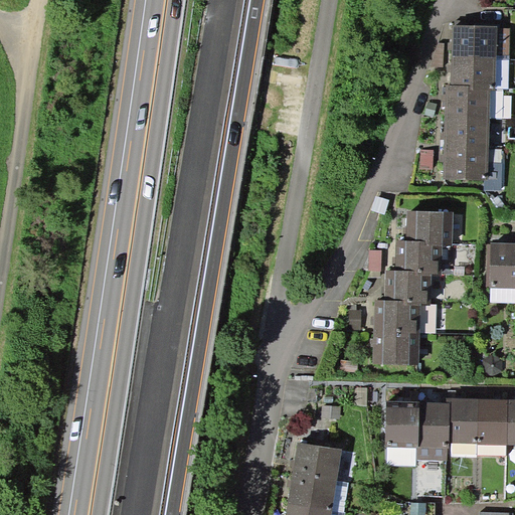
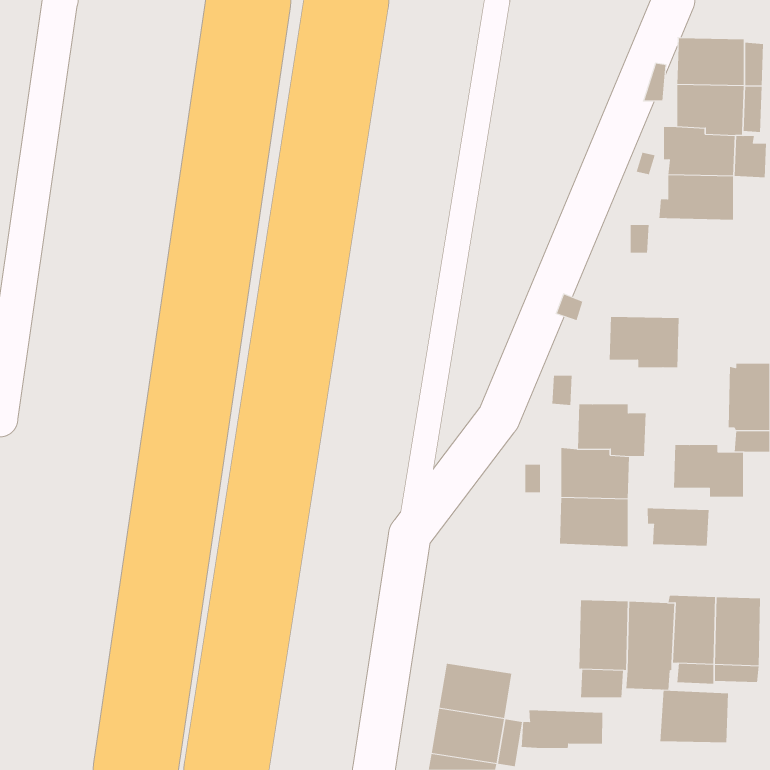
building: [440,146,505,190] -> none
building: [395,240,443,276] -> [673,445,744,497]
building: none -> [647,507,709,546]
building: none -> [660,690,729,743]
building: none -> [521,710,603,749]

